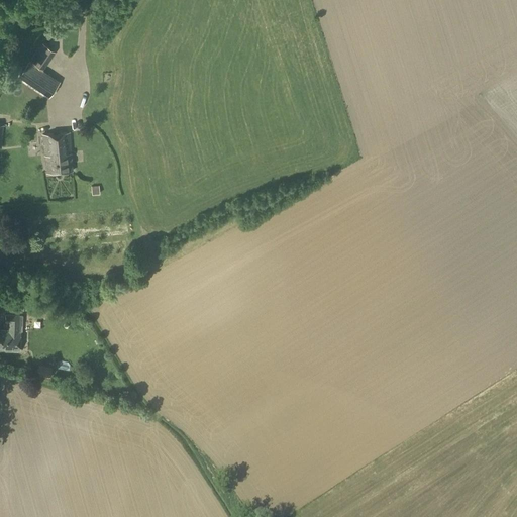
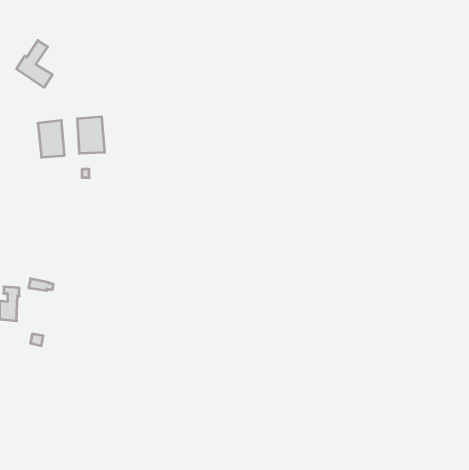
building: none -> [78,117,105,154]

